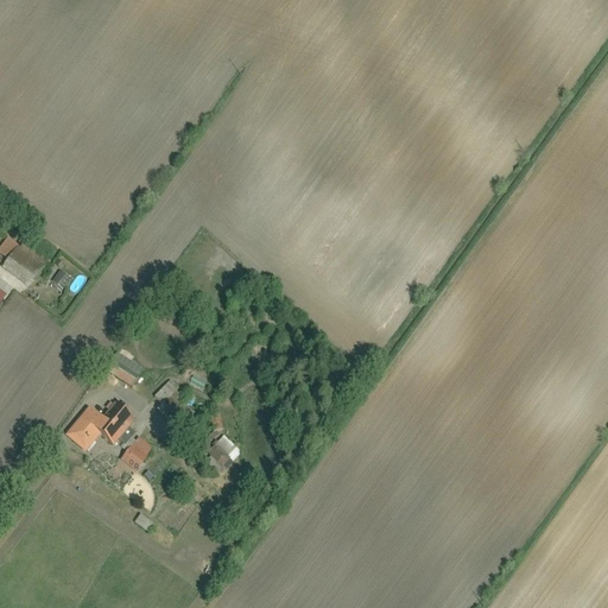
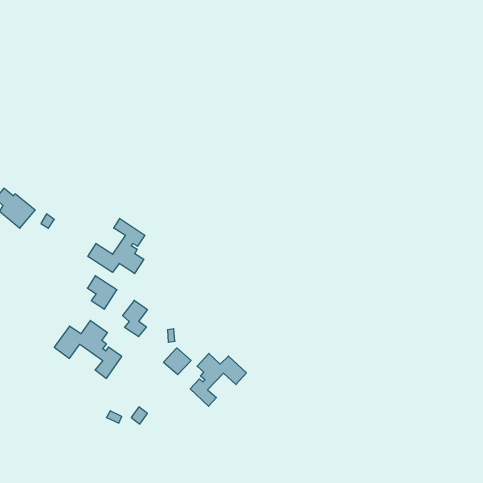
building: none -> [88,218,145,274]
building: none -> [190,353,246,406]

